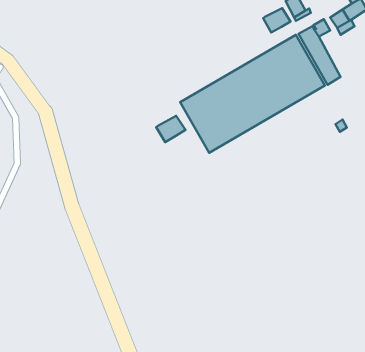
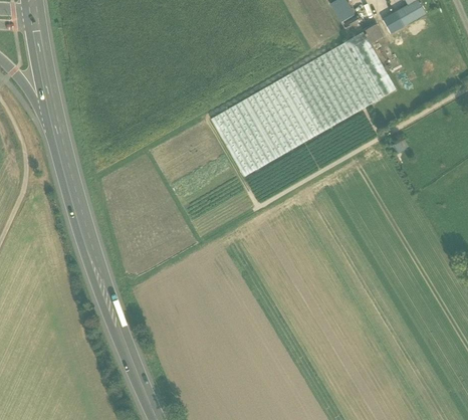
building: [263,8,291,32] -> none
building: [156,116,186,142] -> none

